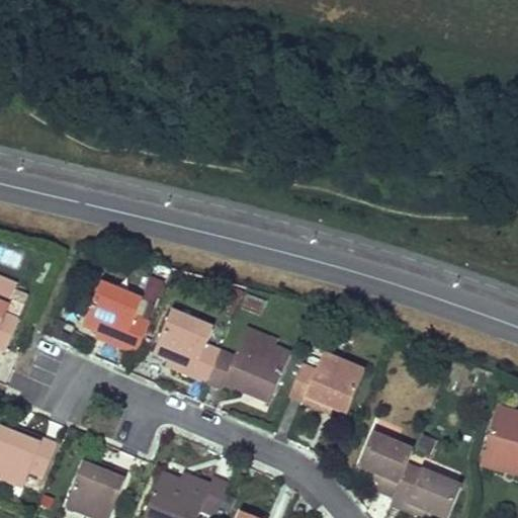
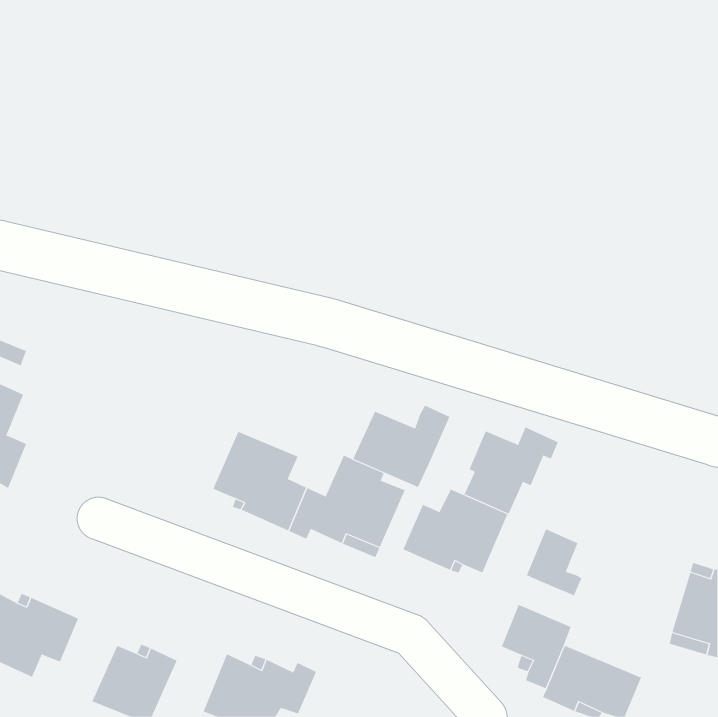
building: [83,283,150,354] -> none
building: none -> [353,405,450,488]
building: none -> [464,426,559,514]
building: none -> [526,528,582,596]

